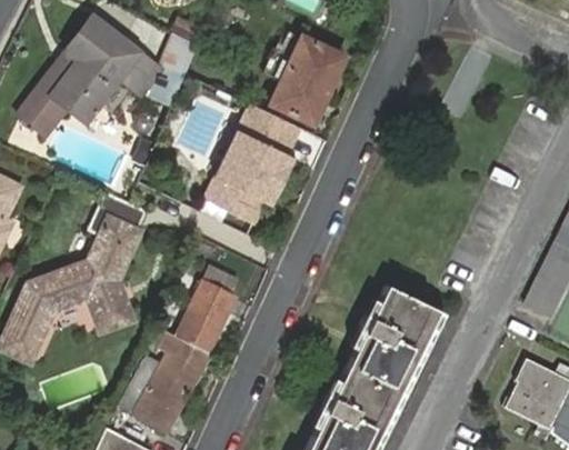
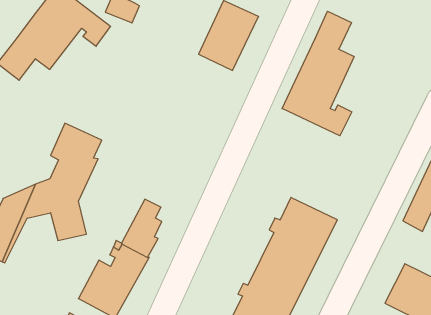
building: none -> [282,11,354,136]
building: [204,103,301,226] -> none

